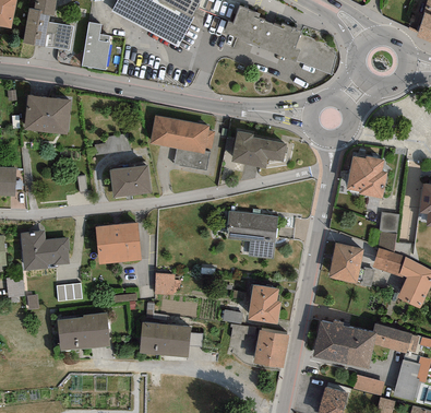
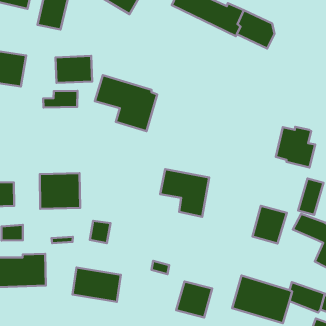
building: [230,130,286,168] -> none
building: [109,164,151,196] -> [55,56,92,83]
building: [247,283,280,323] -> none

